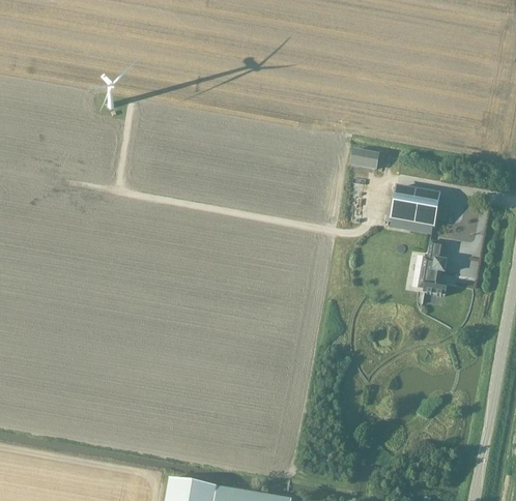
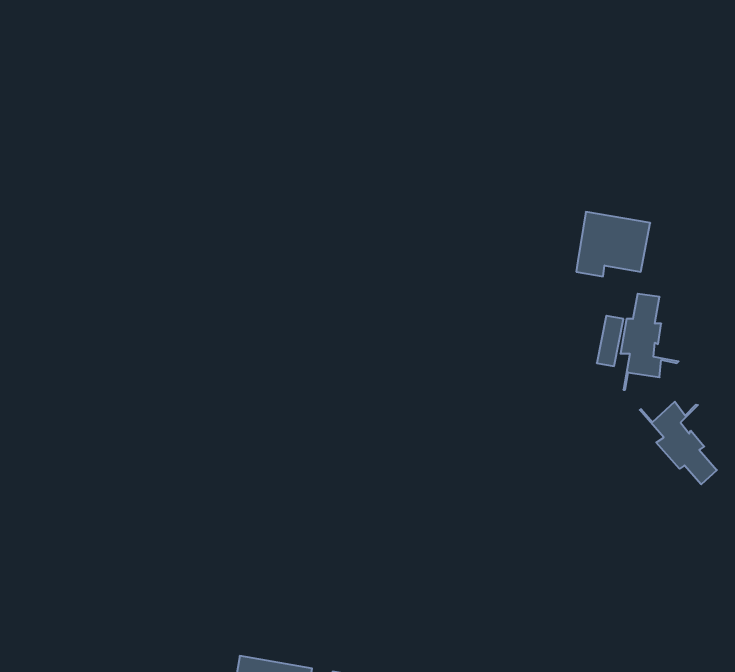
building: [350,148,379,170] -> none
building: none -> [640,402,717,484]

